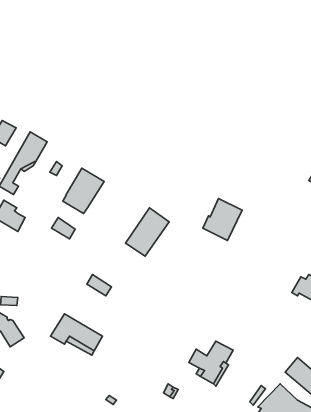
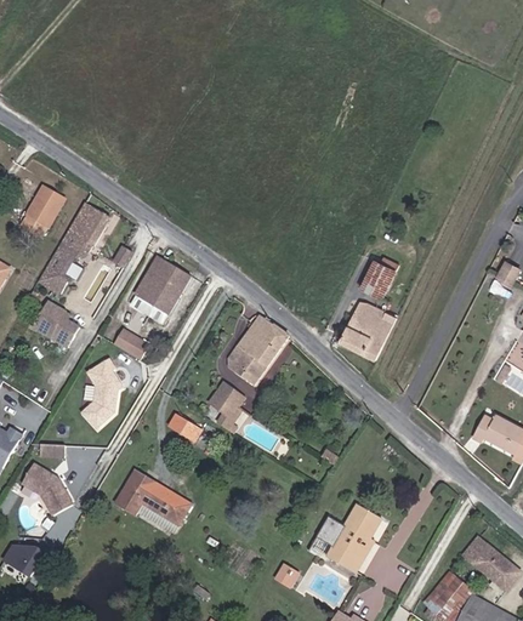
building: none -> [360,260,398,298]
building: none -> [84,364,116,427]
building: none -> [209,382,245,418]

